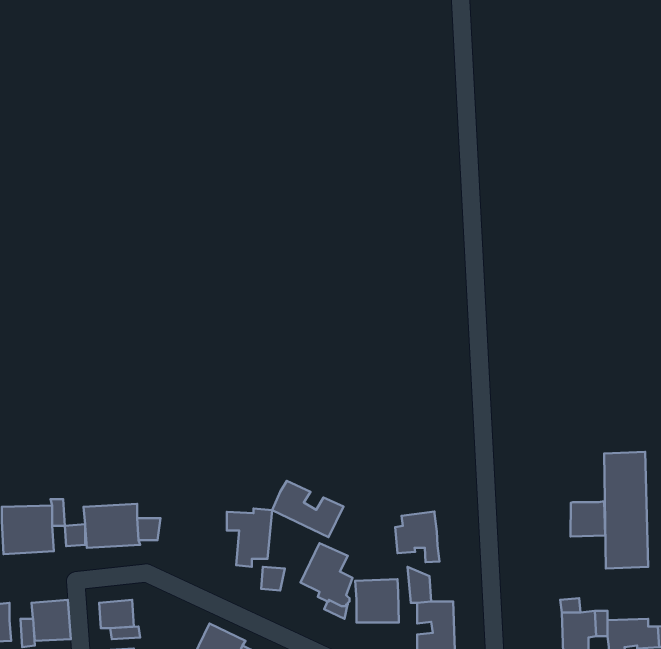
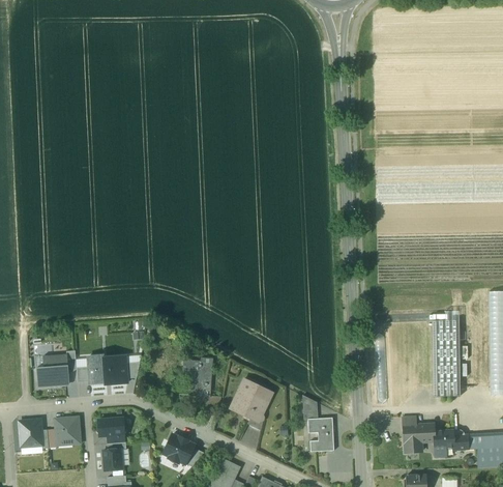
building: [272,481,344,537] -> none
building: [571,501,605,537] -> none
building: [395,512,440,562] -> none
building: [355,579,399,623] -> none

